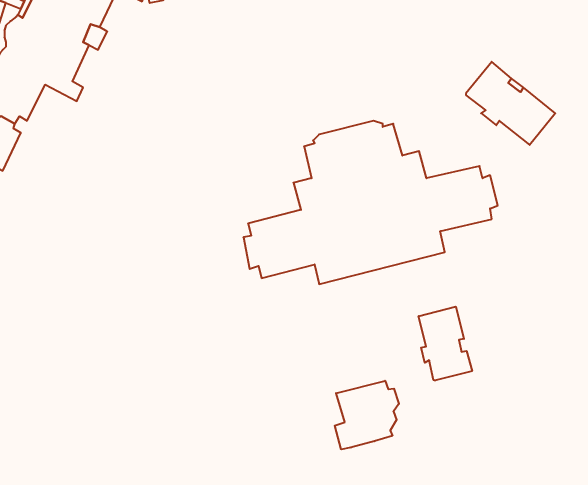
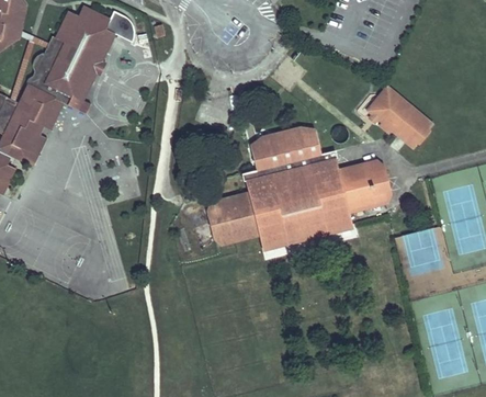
building: [419,307,472,381] -> none
building: [335,381,399,449] -> none

